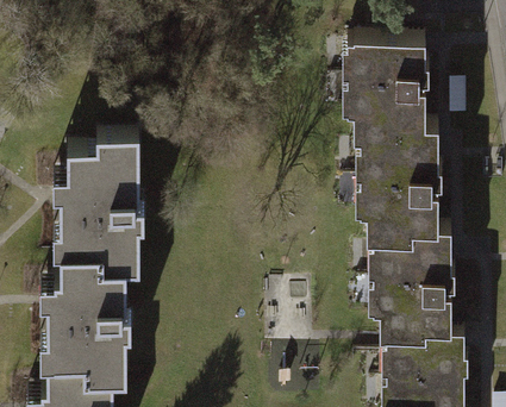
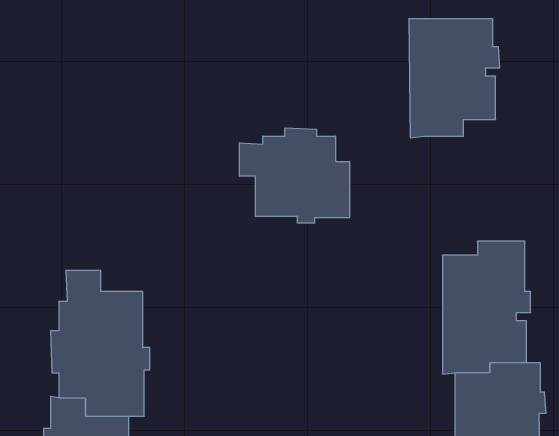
building: [363,132,441,248] -> none
building: none -> [240,128,349,223]
building: [58,143,142,278] -> none

